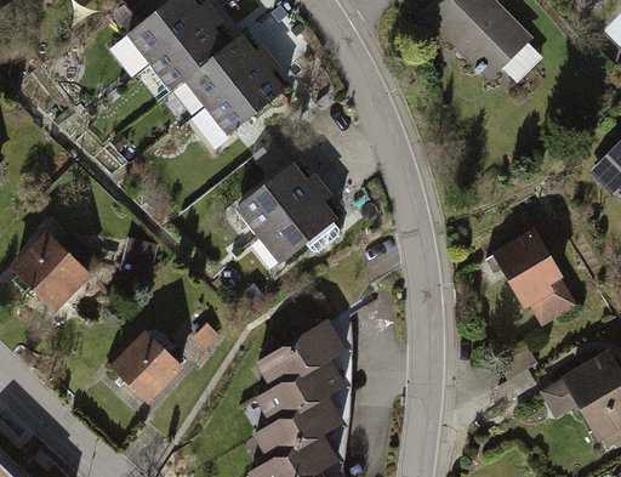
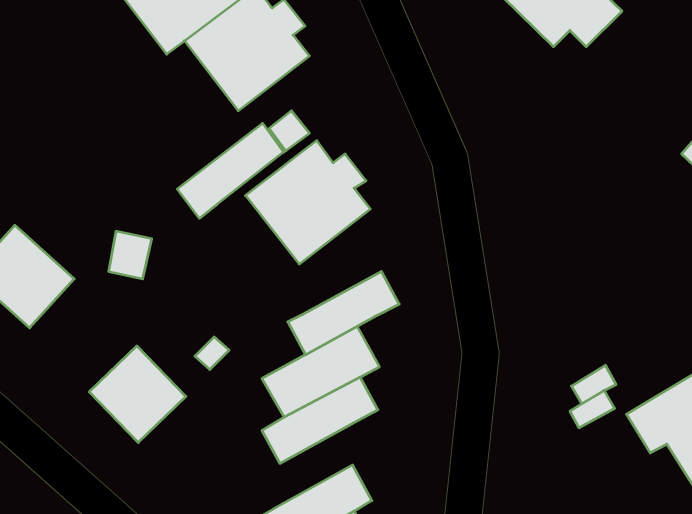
building: none -> [177,123,284,218]
building: [491,227,582,326] -> none
building: [251,391,342,459] -> [288,271,399,355]

